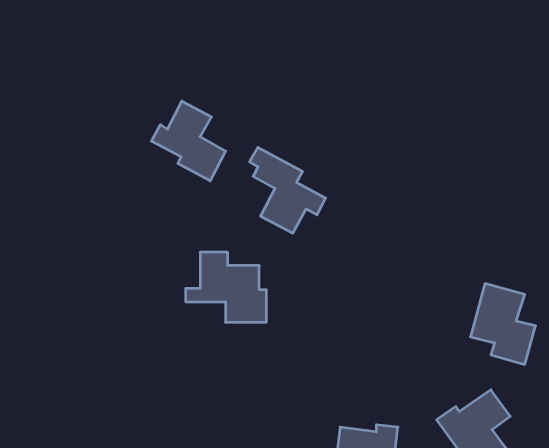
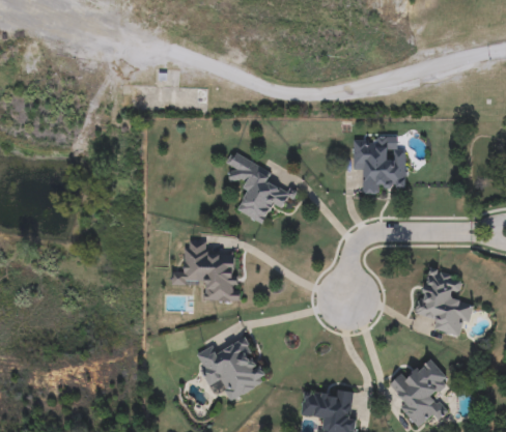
building: [151,101,226,181] -> none
building: none -> [352,136,404,194]
building: none -> [196,336,269,399]

